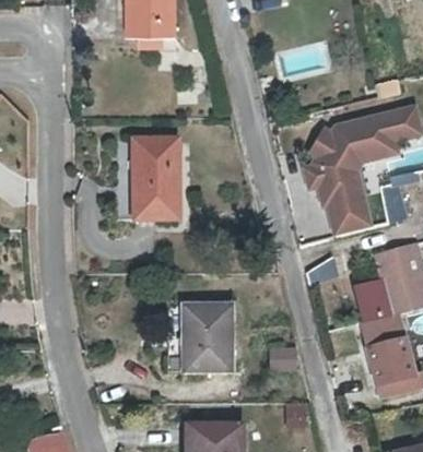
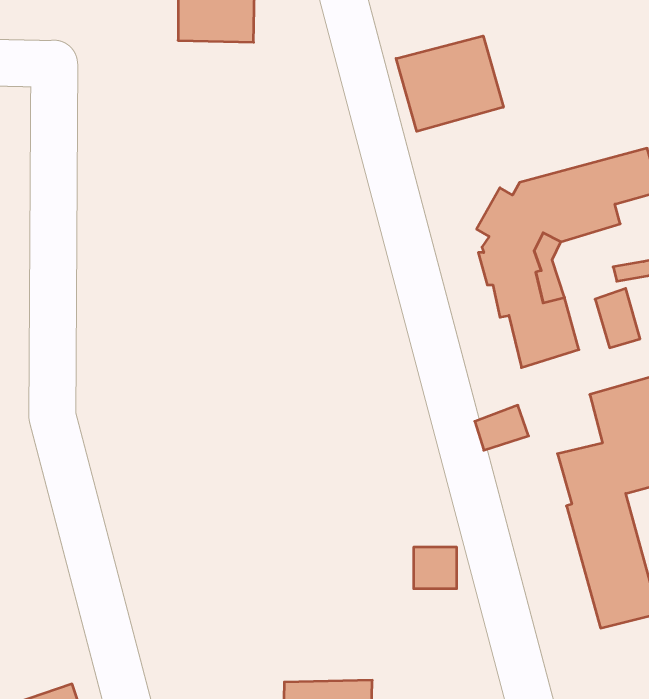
building: none -> [396,36,503,131]
building: [130,141,175,221] -> none
building: [184,306,234,372] -> none

